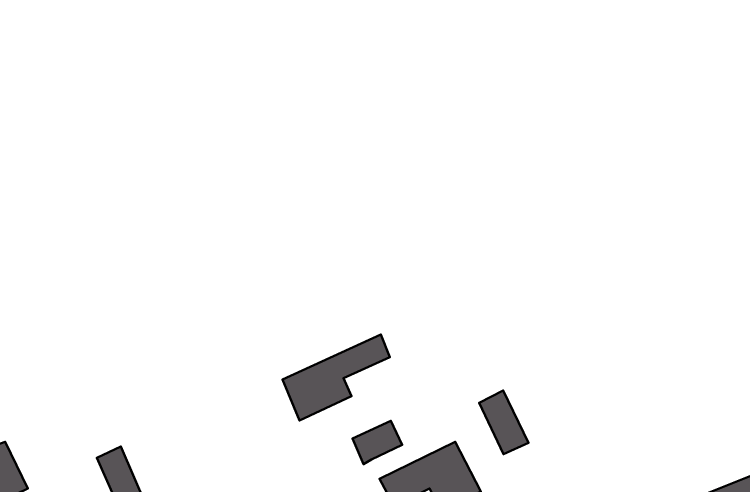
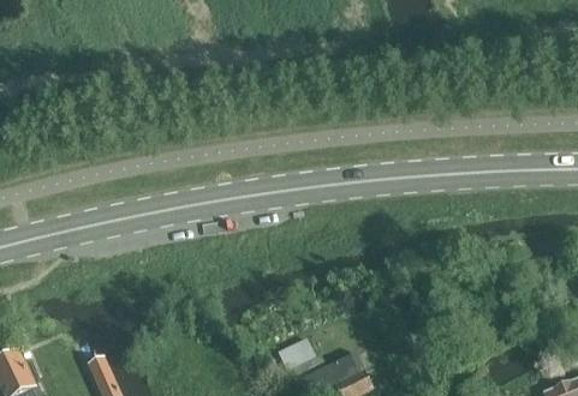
building: [283,334,390,420] -> none
building: [479,390,529,454] -> none

